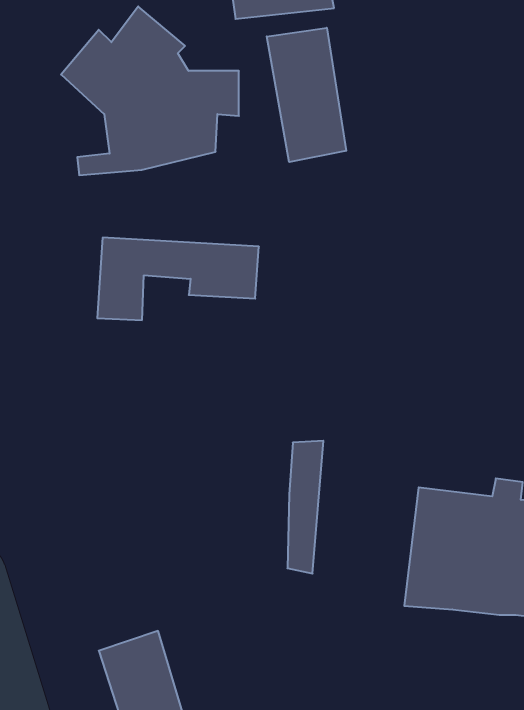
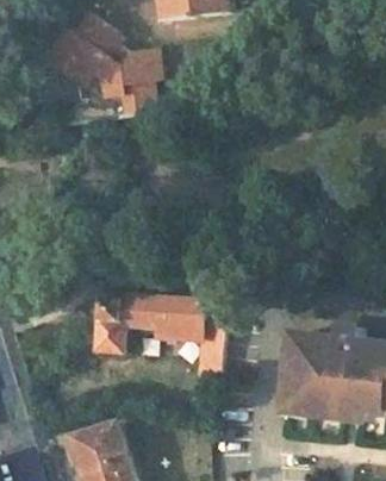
building: [267,28,346,162] -> none
building: [97,238,259,320] -> [95,296,203,351]

